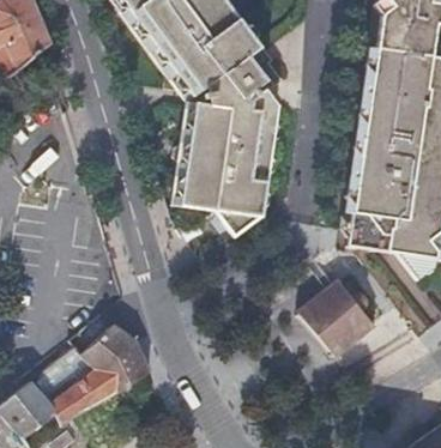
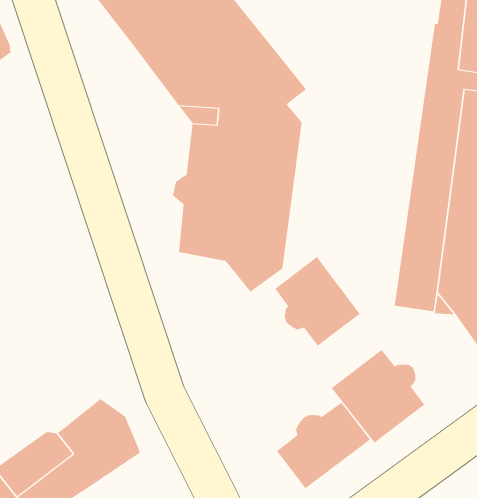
building: none -> [275,256,360,346]
building: none -> [276,402,371,489]

